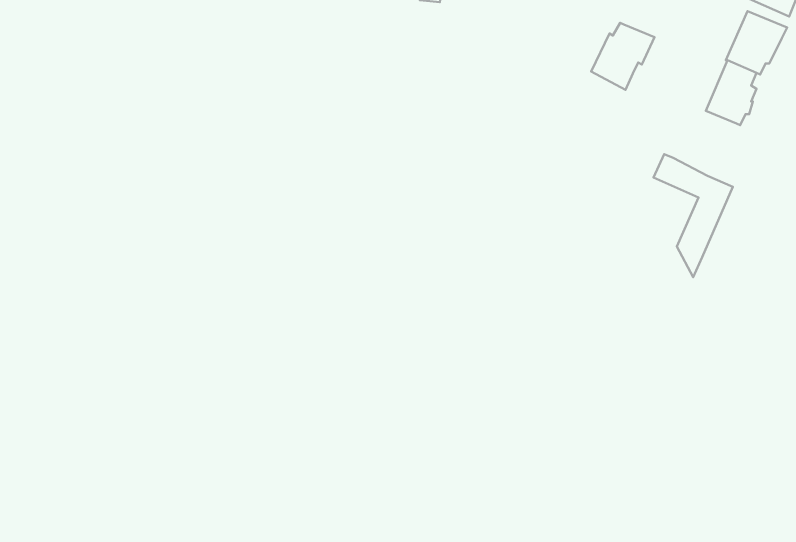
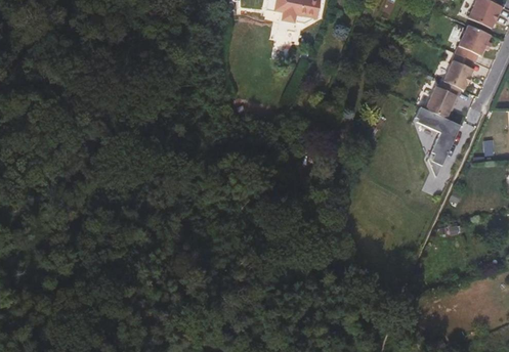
building: [591,23,655,90] -> [426,81,462,119]

